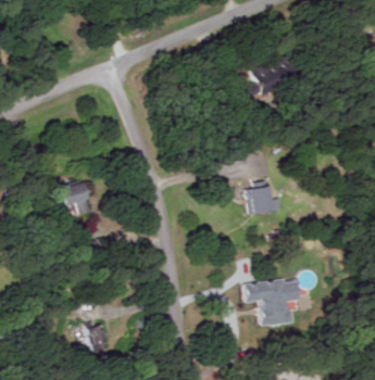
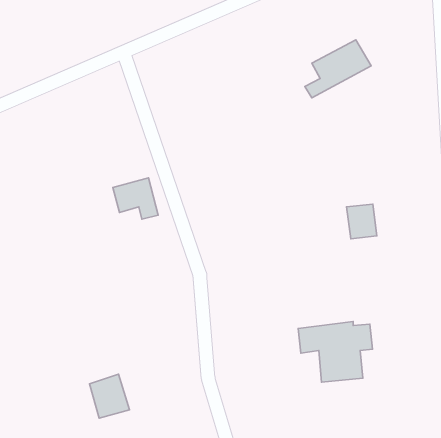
building: [55,181,91,214] -> [113,178,158,219]
building: [247,188,271,215] -> [347,204,377,239]

